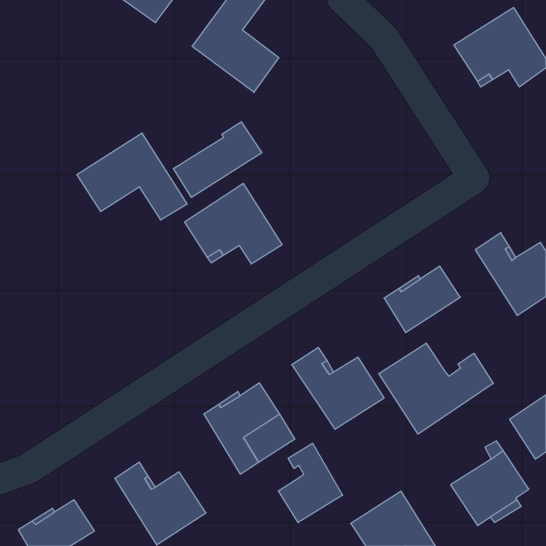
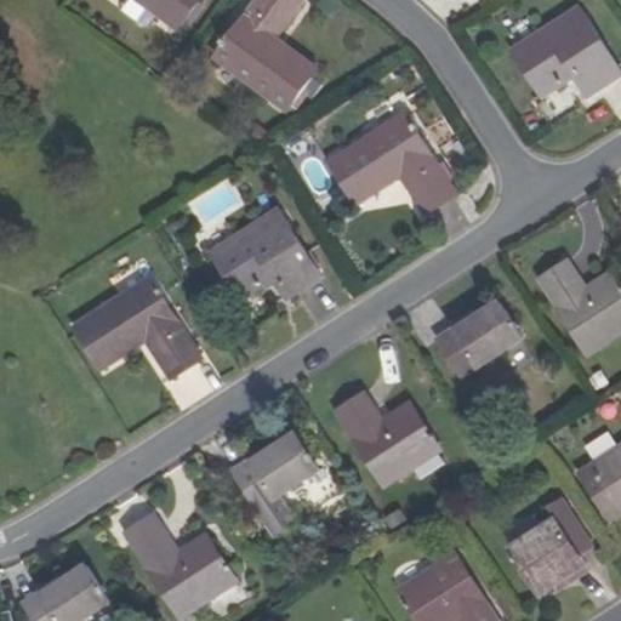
building: none -> [329,114,454,212]
building: [173,122,262,197] -> none
building: [77,133,187,220] -> [76,278,201,376]
building: [379,343,493,434] -> none
building: [278,443,343,523] -> none

